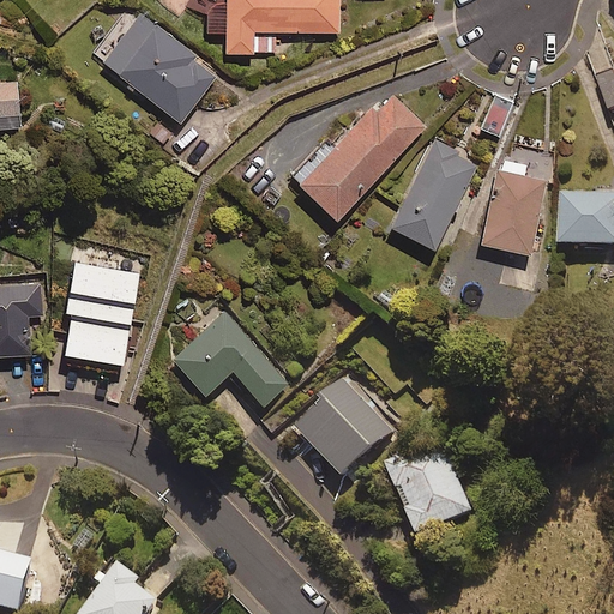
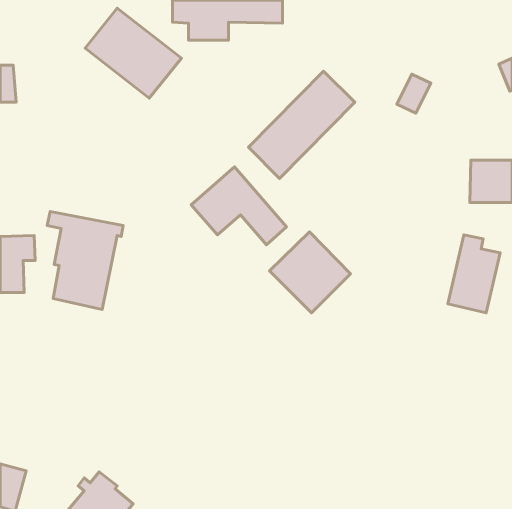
building: [391,143,476,248] -> none
building: [483,159,546,253] -> [448,235,500,313]
building: [173,311,287,404] -> [191,167,287,245]
building: [296,381,393,478] -> [269,232,351,313]
building: [389,440,477,537] -> none

